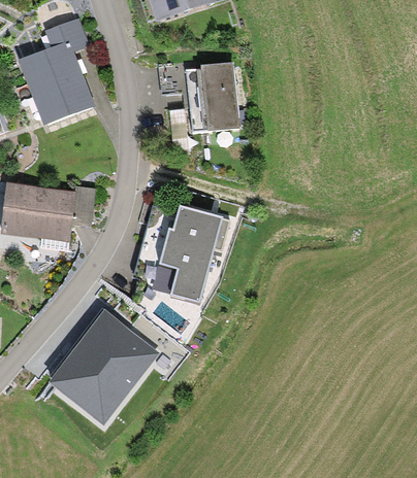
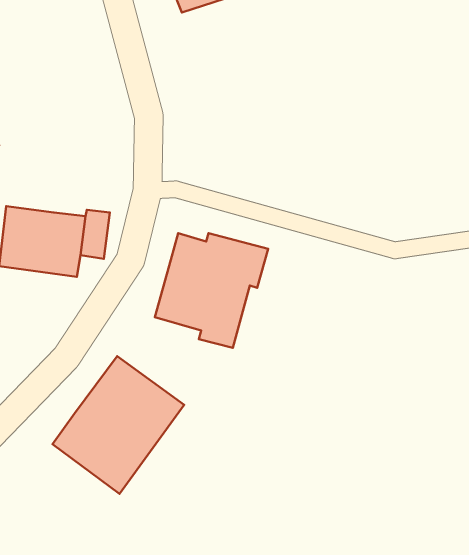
building: [19,18,94,125] -> none
building: [186,65,238,131] -> none

